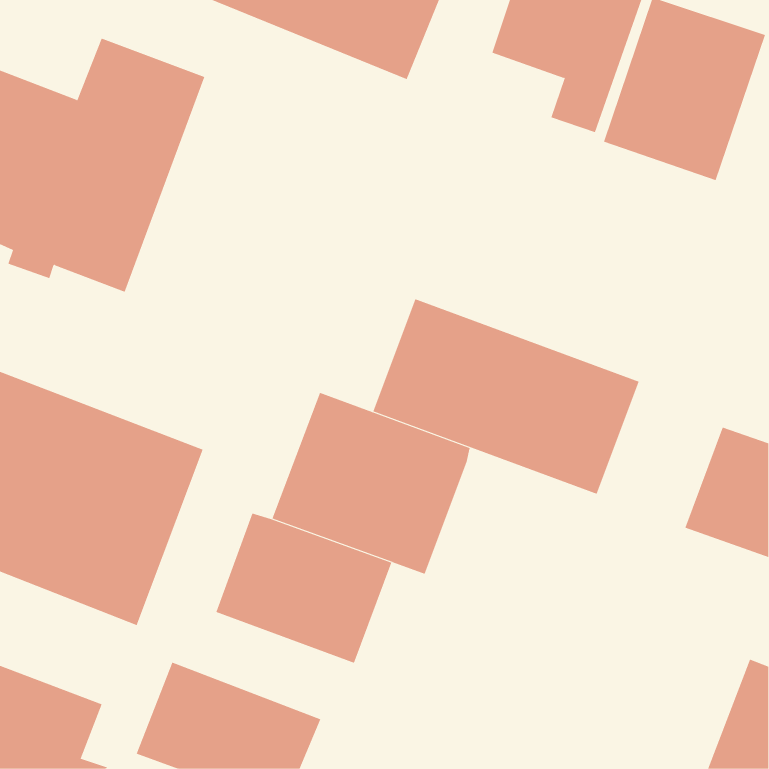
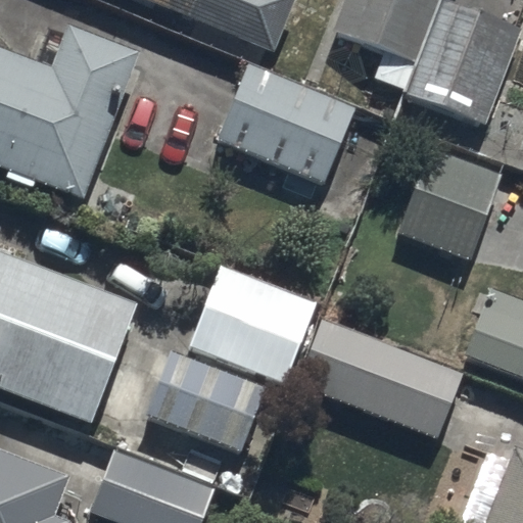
building: none -> [217,64,355,185]
building: none -> [396,147,503,260]
building: [372,298,639,495] -> [288,313,469,445]

